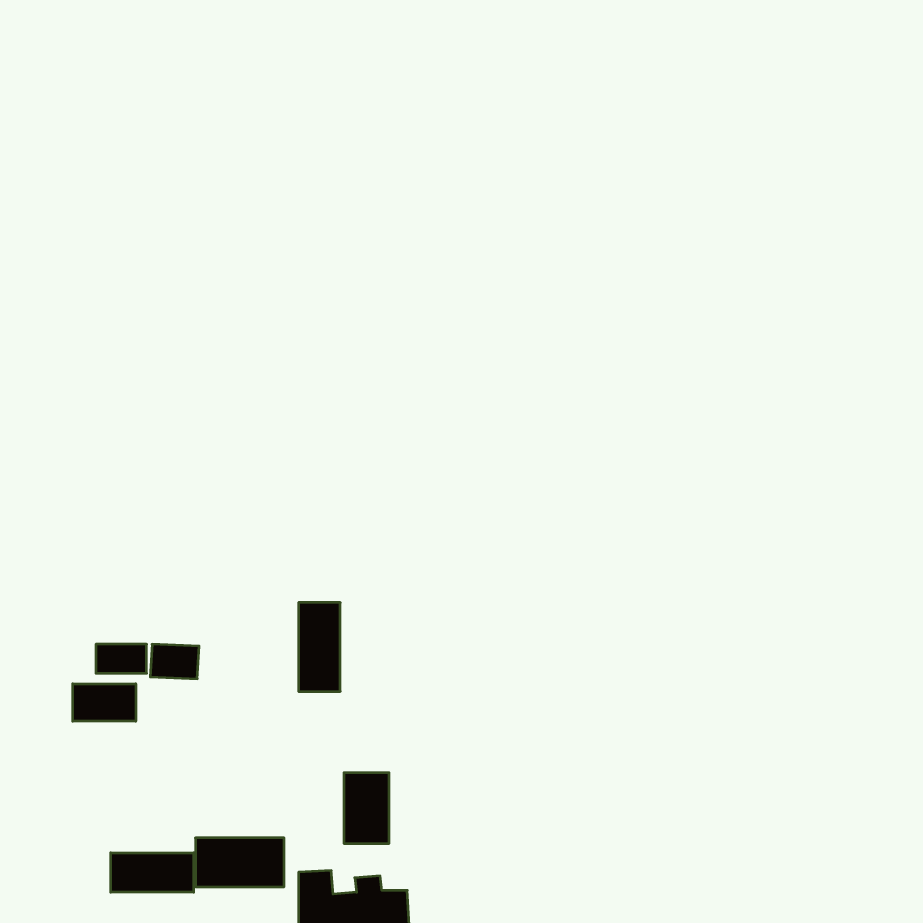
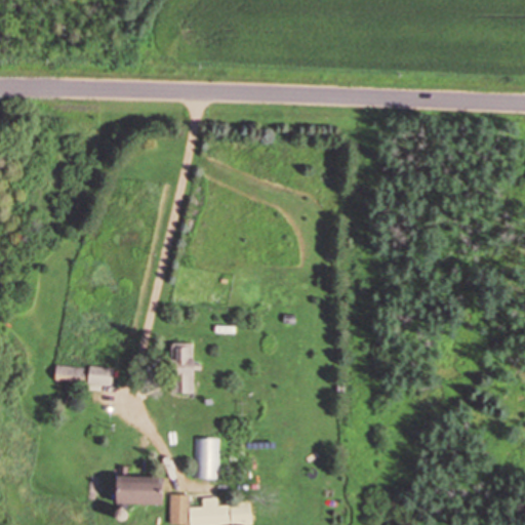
building: [73,684,136,721] -> none
building: [111,853,194,892] -> none

